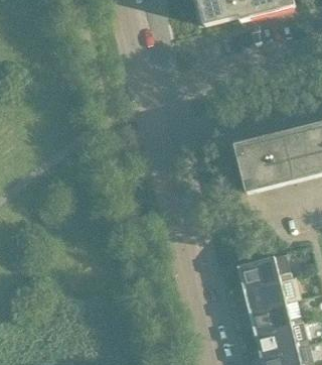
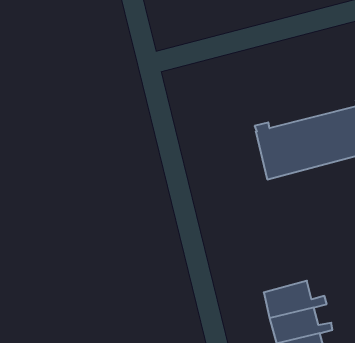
building: [235,251,290,286] -> none

